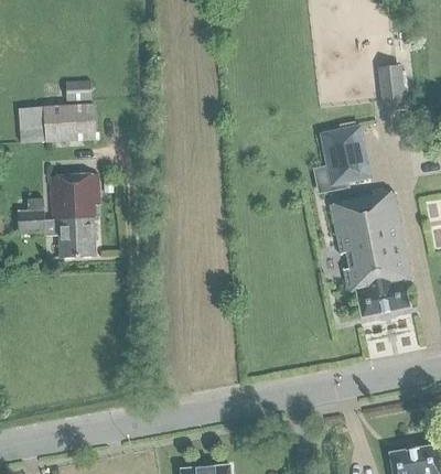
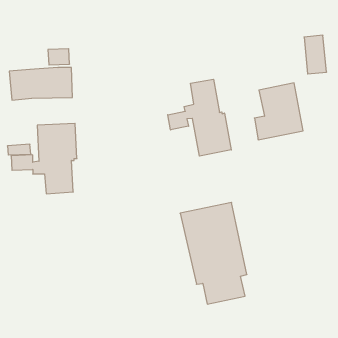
building: none -> [168,79,231,156]
building: [330,191,411,315] -> [180,202,247,304]

